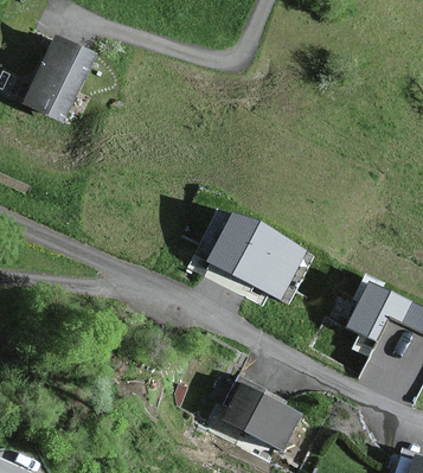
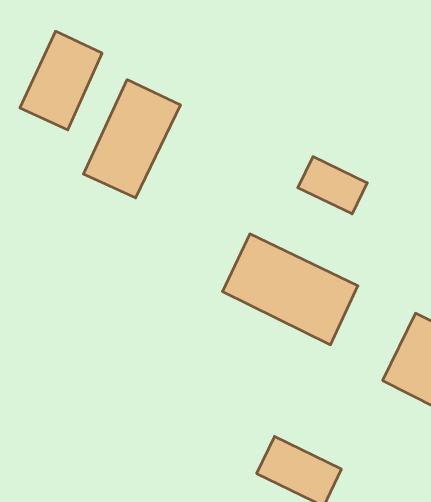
building: none -> [83,80,180,198]
building: none -> [298,157,367,214]

